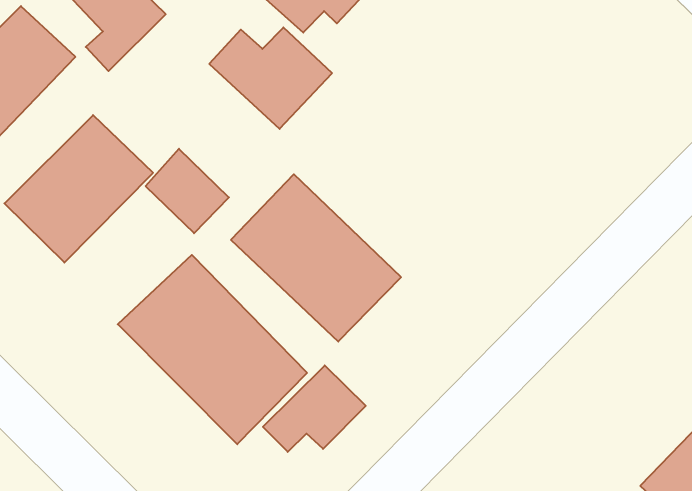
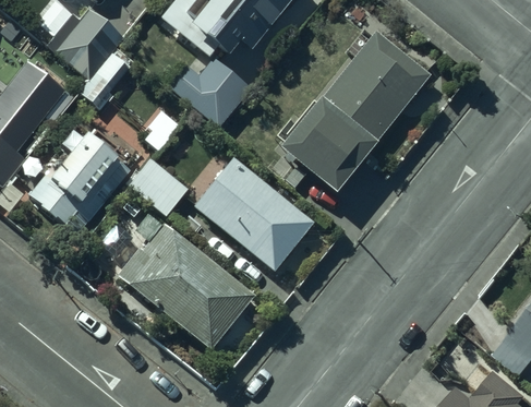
building: none -> [276,27,427,196]
building: [263,365,366,452] -> none

